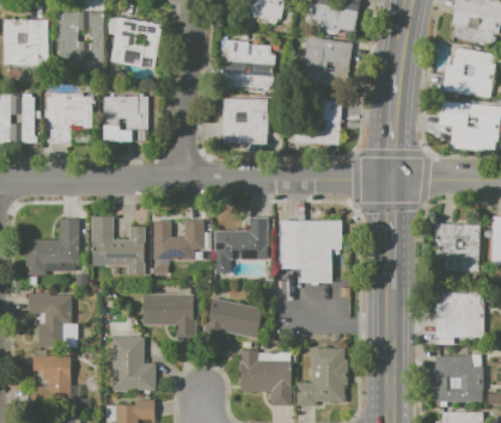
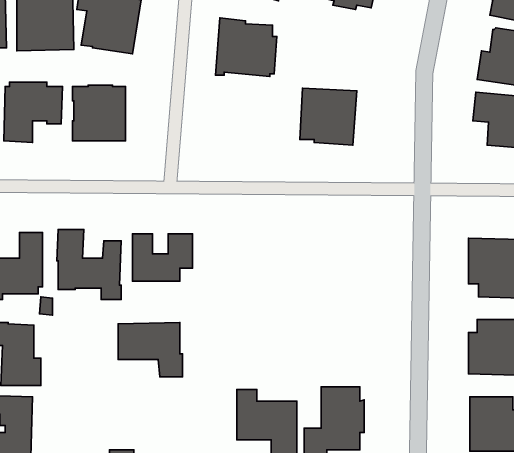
building: [301,37,353,86] -> none
building: [222,98,268,143] -> none
building: [214,217,268,274] -> none
building: [279,220,342,283] -> none
building: [202,298,262,345] -> none
building: [111,337,154,391] -> none

